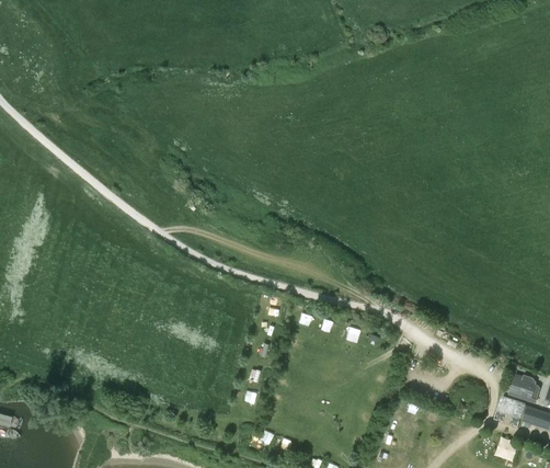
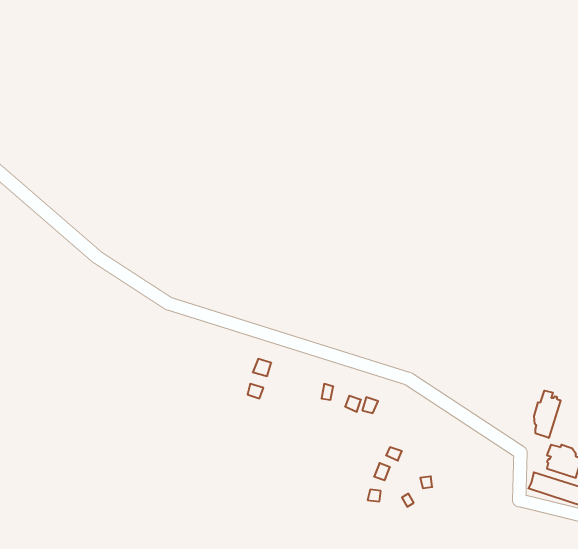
building: none -> [534,391,561,438]

